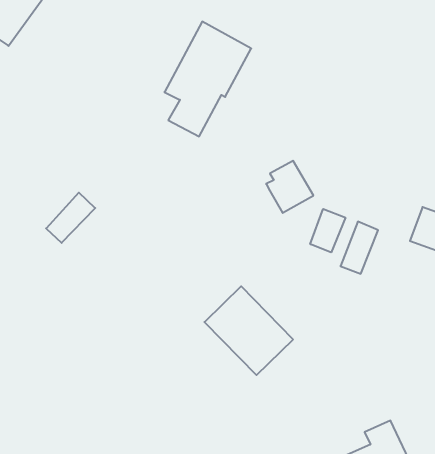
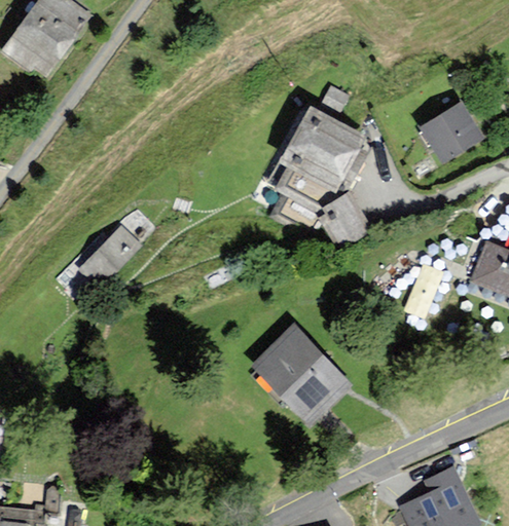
building: [164,22,251,136] -> [269,108,362,230]
building: none -> [422,104,481,160]
building: [310,209,345,252] -> none

